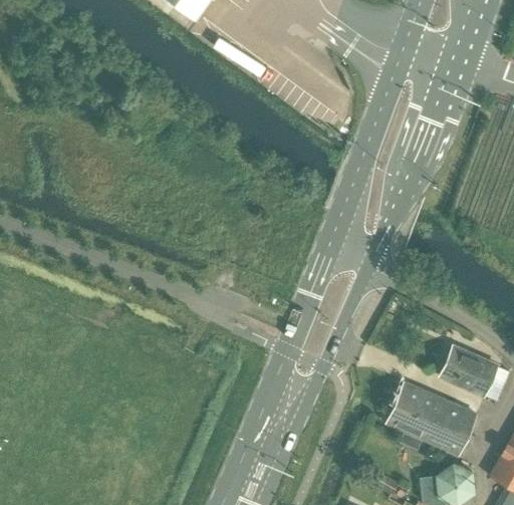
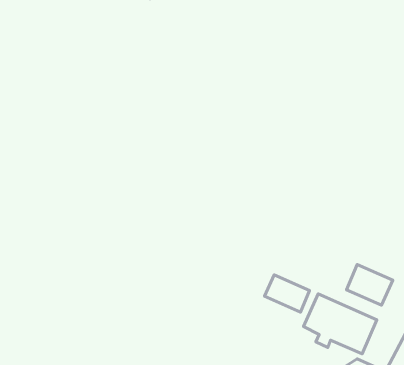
building: none -> [265,275,310,312]

